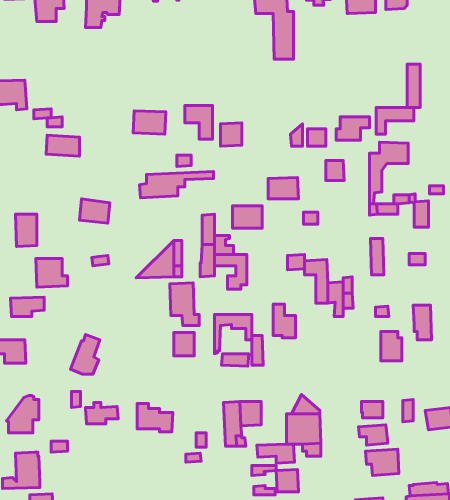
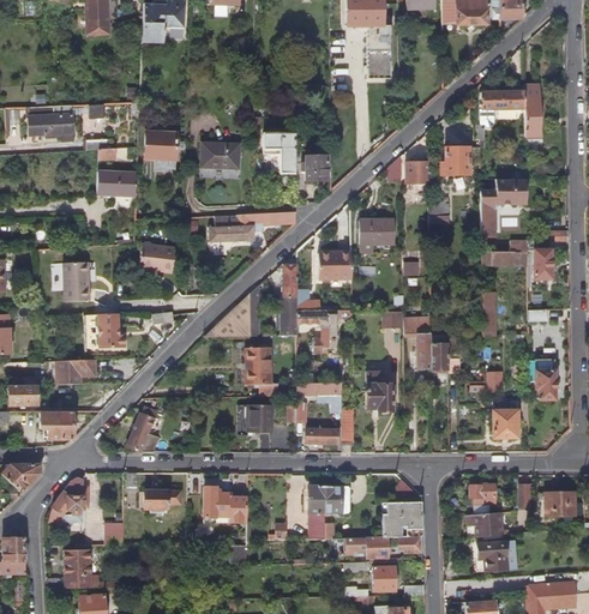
building: none -> [143,132,186,170]
building: [376,108,414,134] -> [480,92,524,124]

